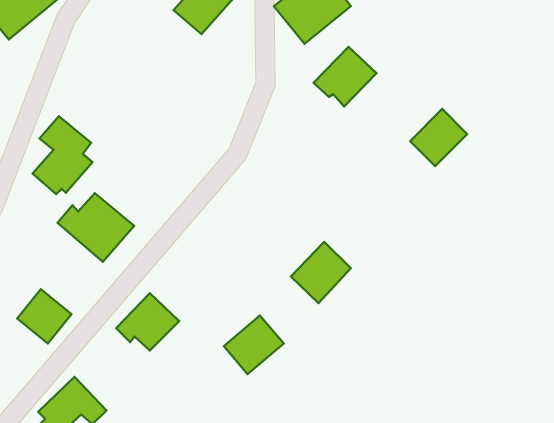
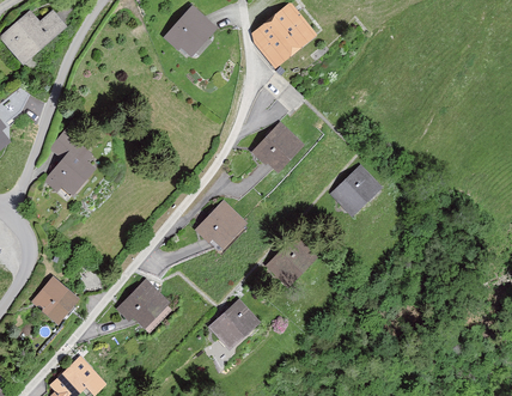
building: [314,47,376,107] -> [250,122,304,173]
building: [410,109,467,166] -> [331,167,380,217]
building: [58,193,134,262] -> none
building: none -> [195,200,246,251]

